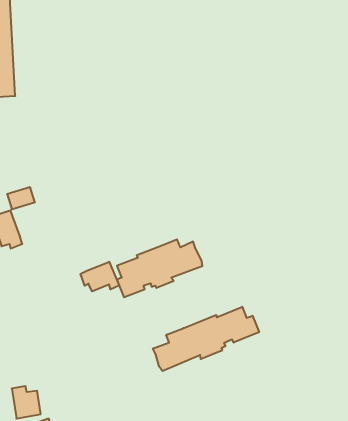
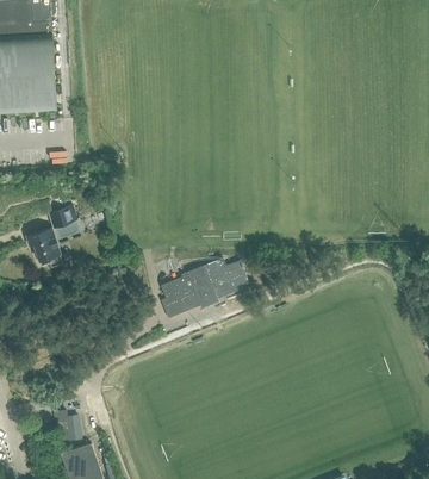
building: [80,262,119,291] -> none
building: [153,307,259,371] -> none

